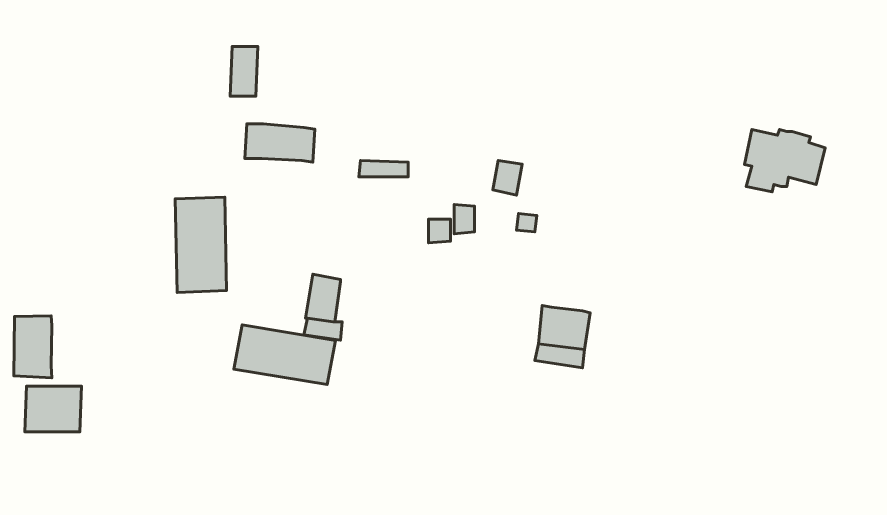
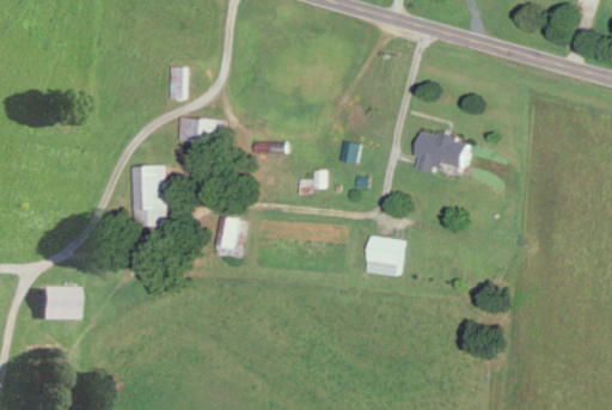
building: [744,130,825,192] -> [416,131,469,172]
building: [14,316,52,378] -> none
building: [234,325,335,385] -> none

